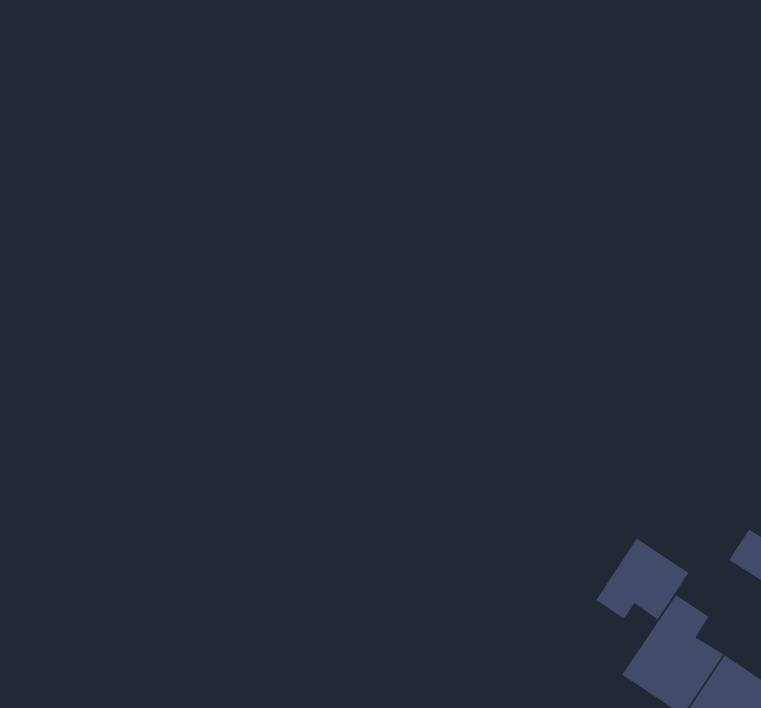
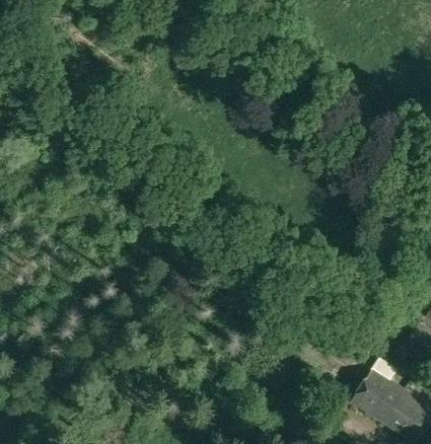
building: [595,537,690,621] -> none

